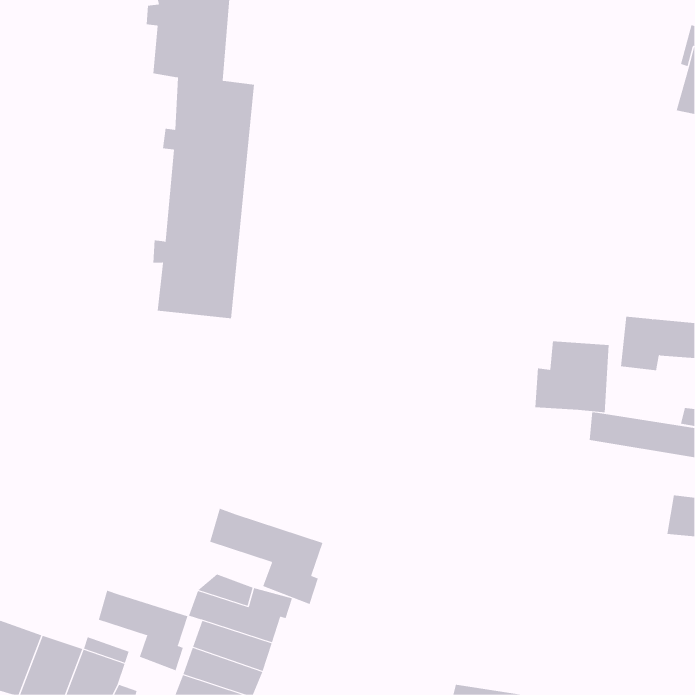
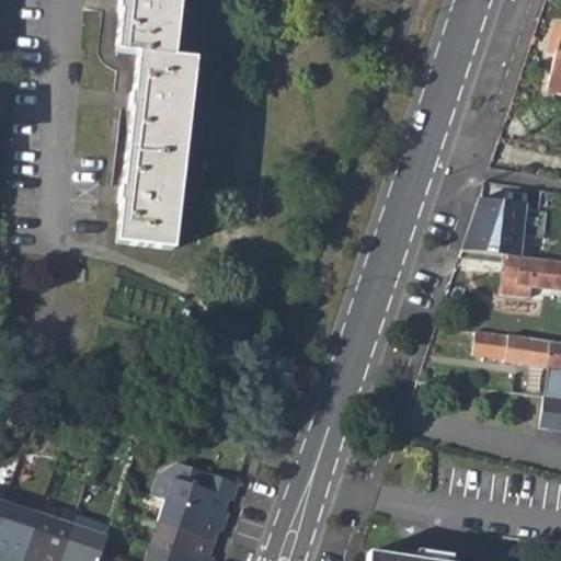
building: [535,341,609,413] -> [468,198,528,256]
building: [209,508,323,605] -> none
building: [98,590,188,671] -> none

